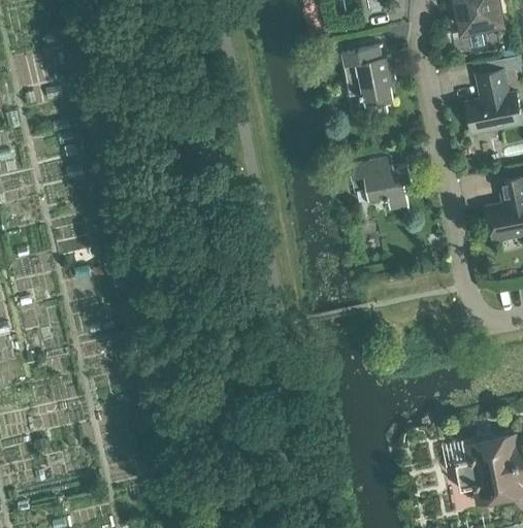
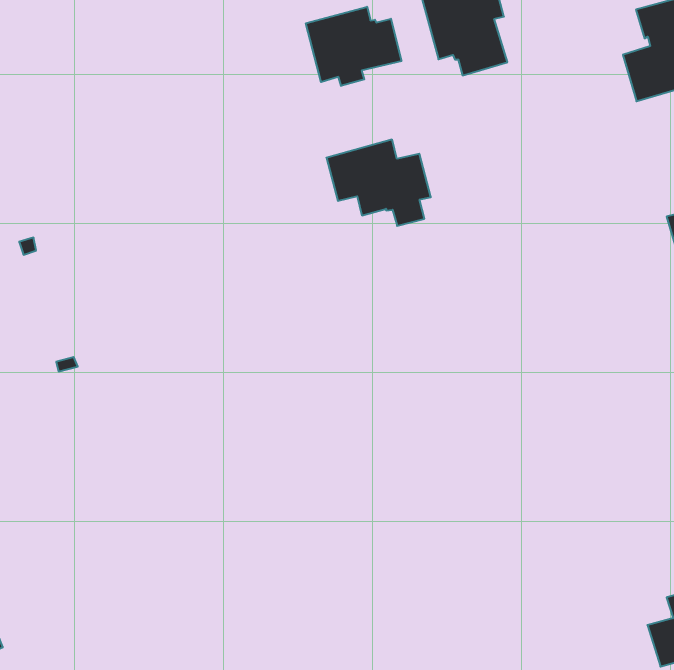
building: none -> [306,7,401,86]
building: [349,154,413,208] -> [326,140,431,226]

